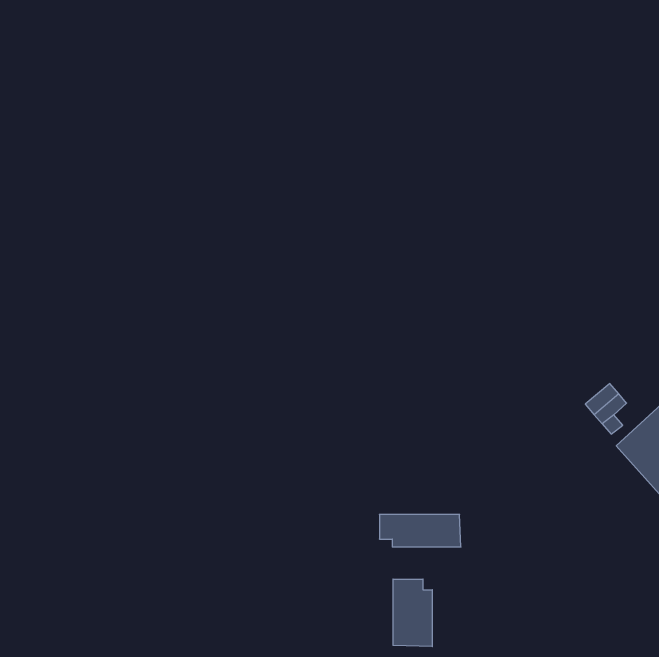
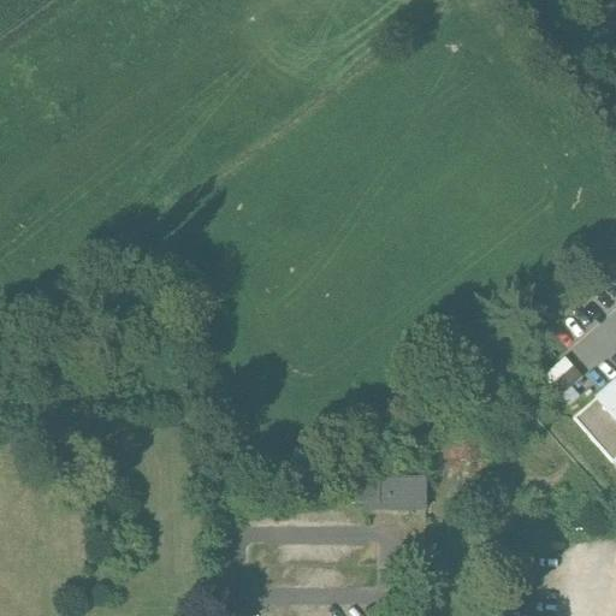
building: [393,579,432,647] -> none

